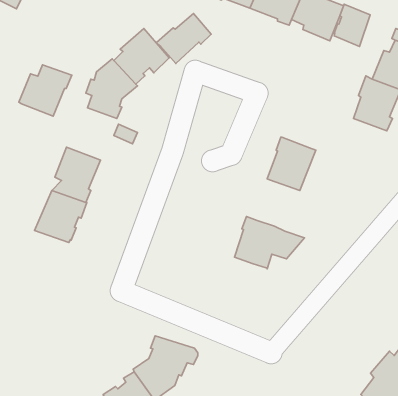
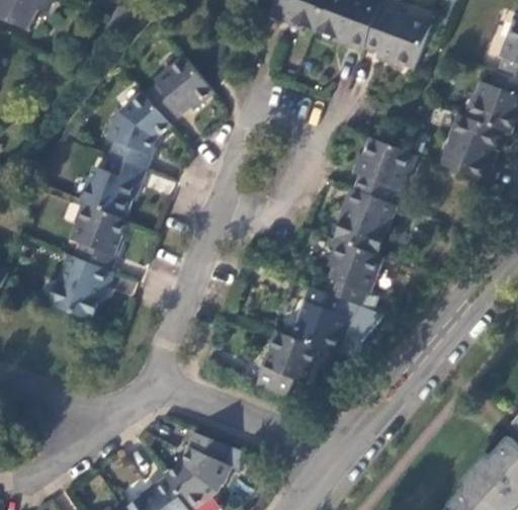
building: [334,4,370,46] -> none
building: [156,14,211,64] -> none
building: [19,65,72,116] -> [83,152,149,216]
building: none -> [353,140,410,201]
building: none -> [323,241,380,305]
building: none -> [256,330,318,394]

